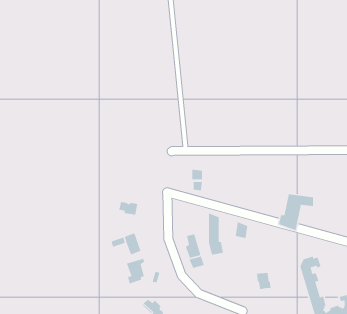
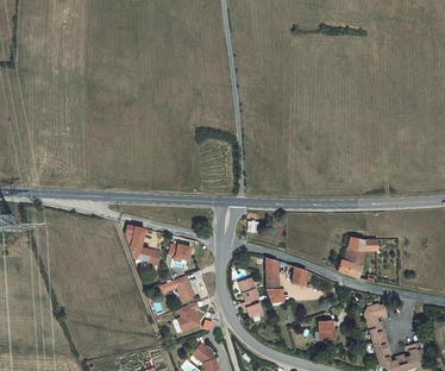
building: none -> [126,225,162,264]

